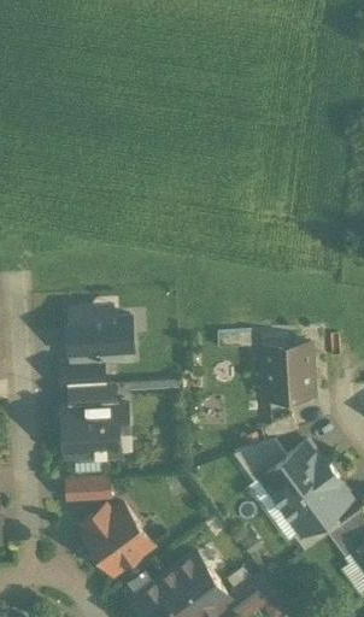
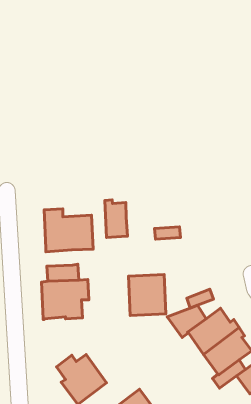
building: none -> [105,200,127,238]
building: [263,345,313,400] -> [129,274,166,315]
building: [60,363,106,387] -> none
building: [67,476,110,503] -> none

